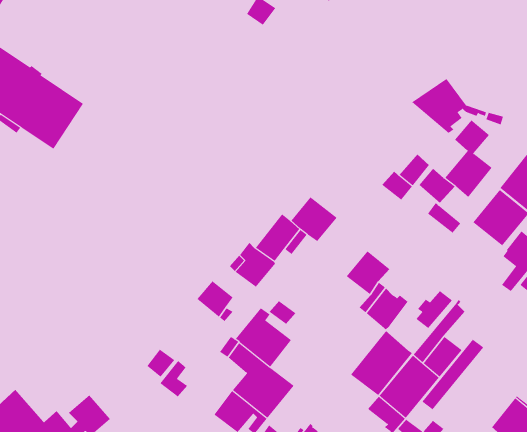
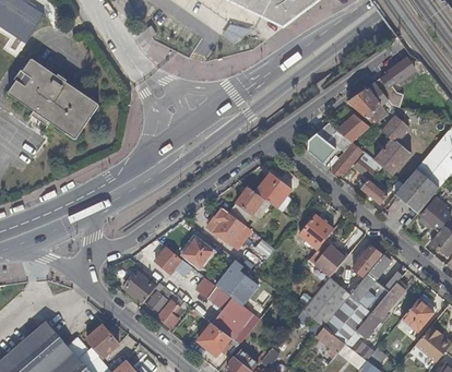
building: none -> [374,59,415,106]
building: none -> [335,111,366,142]
building: none -> [307,132,335,163]
building: none -> [154,247,192,276]
building: none -> [123,271,155,302]
building: none -> [401,298,432,331]

